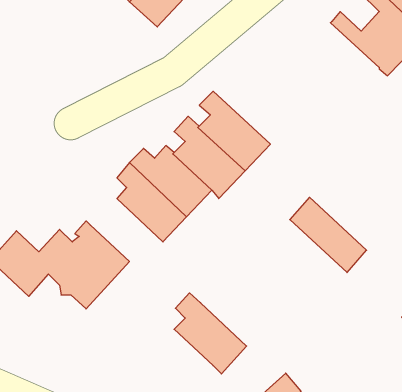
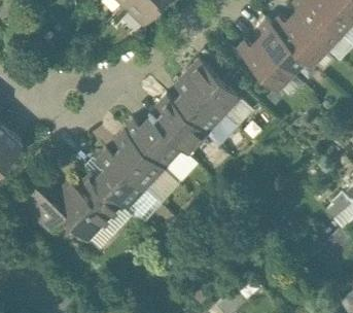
building: none -> [237,21,307,91]
building: [290,197,367,273] -> [184,61,241,116]
building: [174,293,247,374] -> [94,149,147,209]

